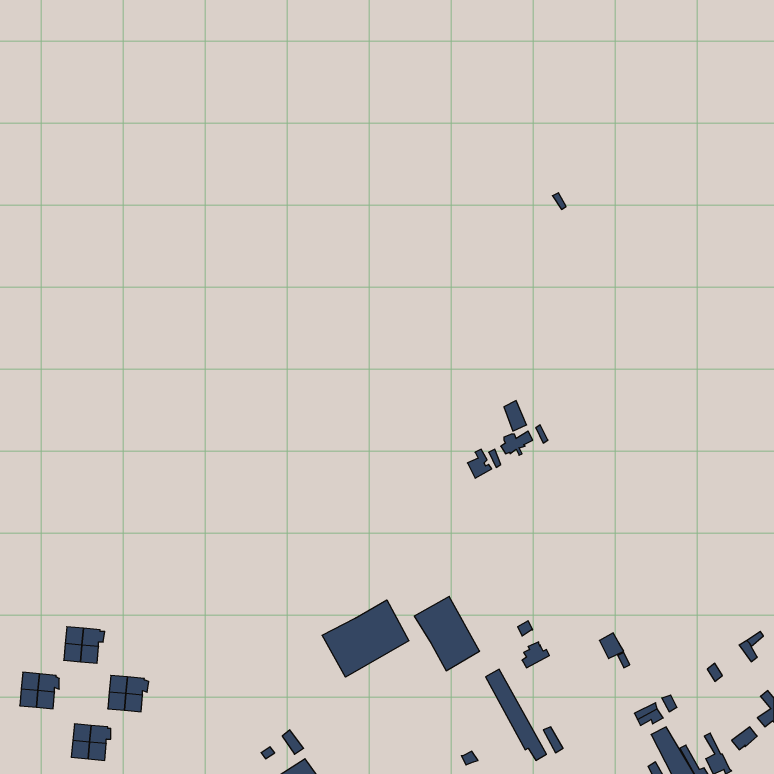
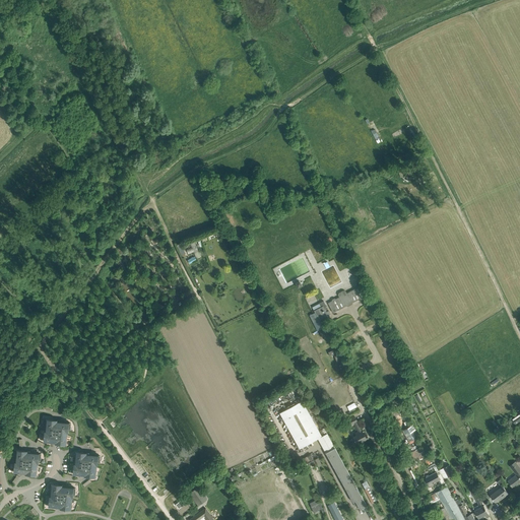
building: [322,600,409,677] -> none

